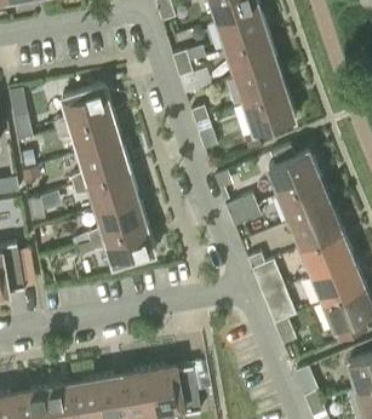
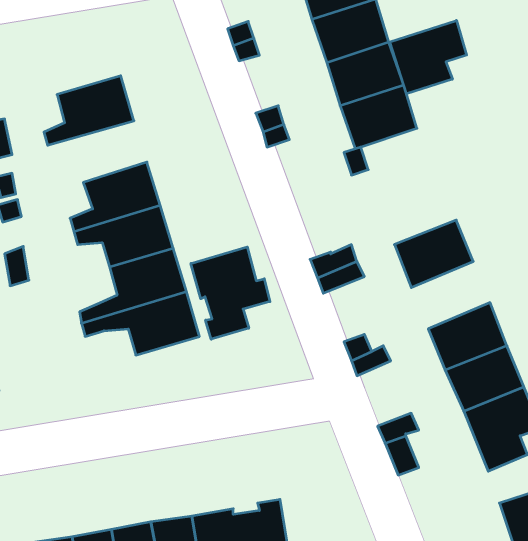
building: none -> [390,20,467,94]
building: [55,115,119,155] -> none
building: [267,145,319,195] -> none
building: none -> [191,247,270,339]
building: [290,206,340,249] -> none

